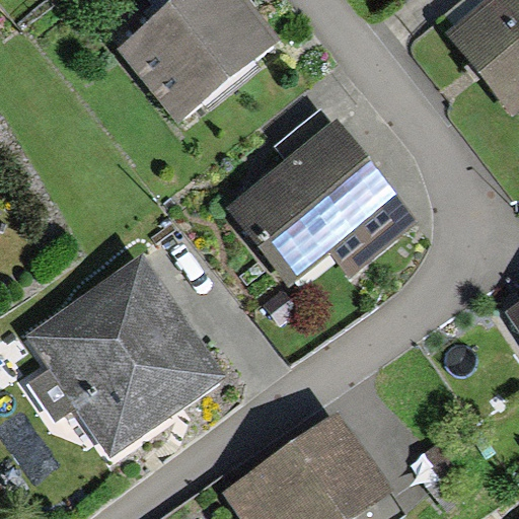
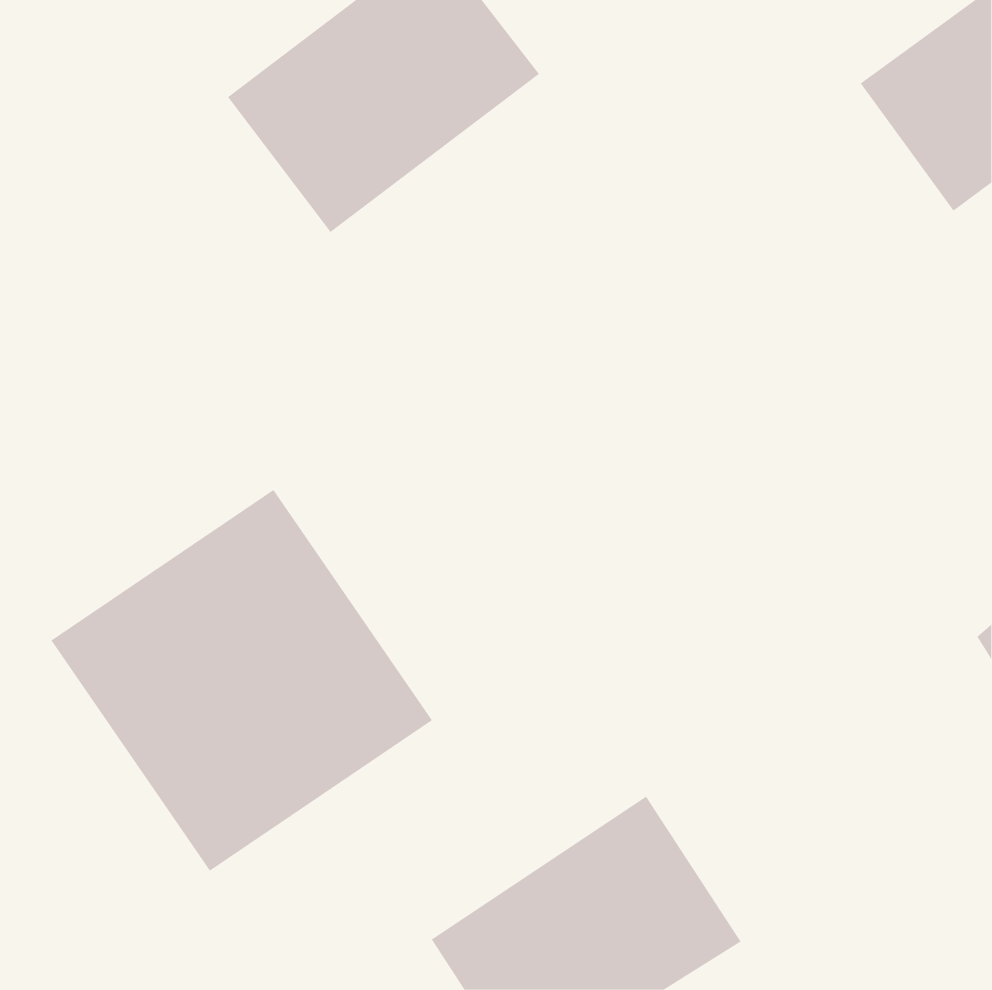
building: [228,109,415,279] -> none

